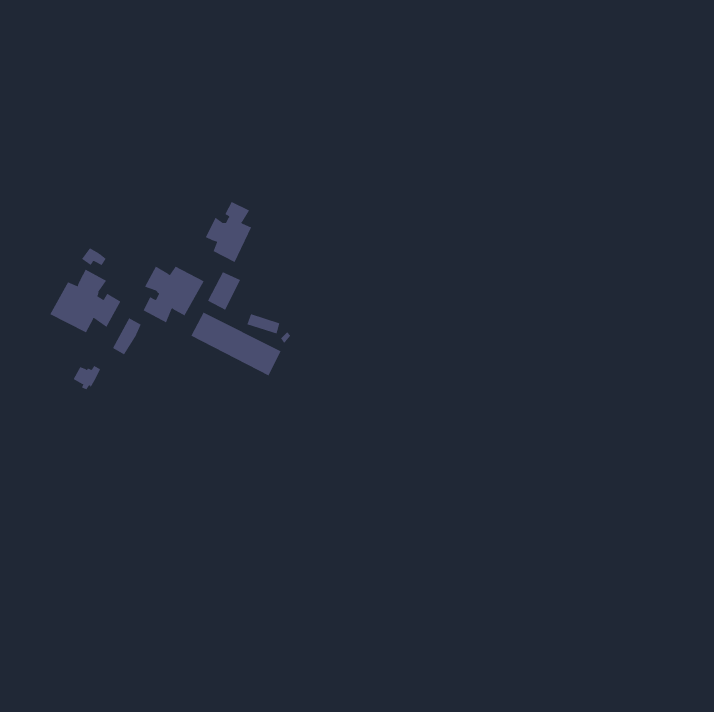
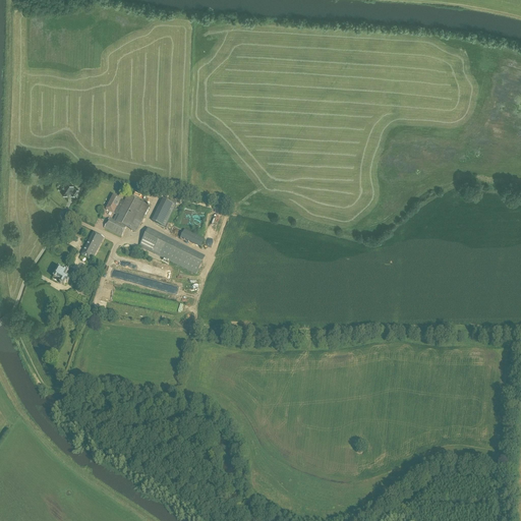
building: [205,201,252,263] -> none
building: [50,269,121,333] -> none

